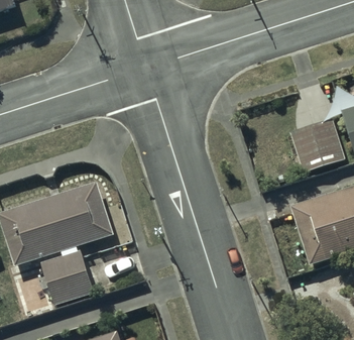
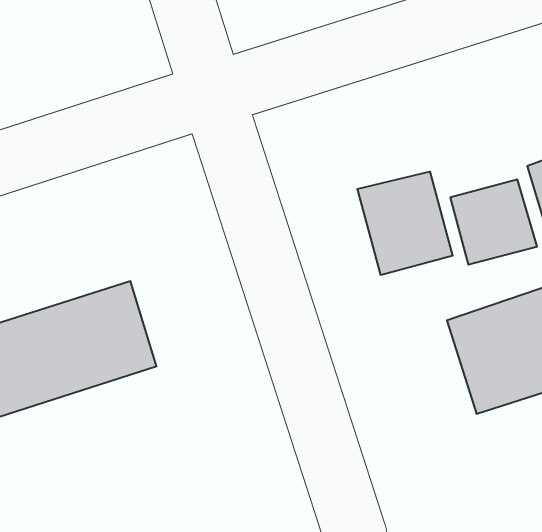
building: none -> [357,172,453,275]
building: [40,250,91,302] -> none

